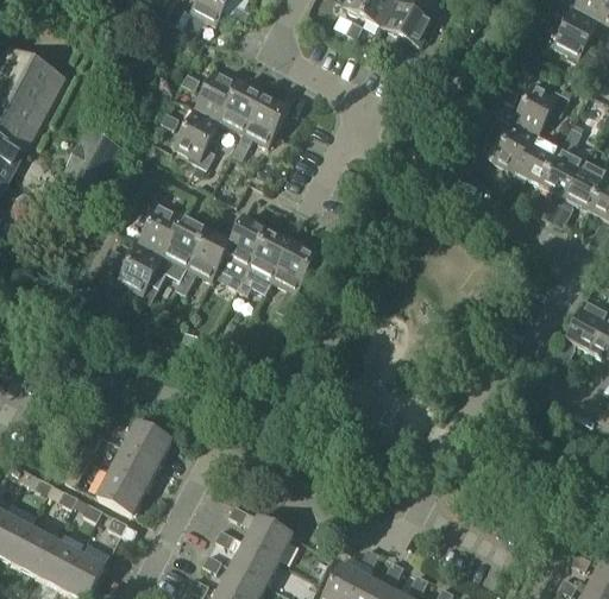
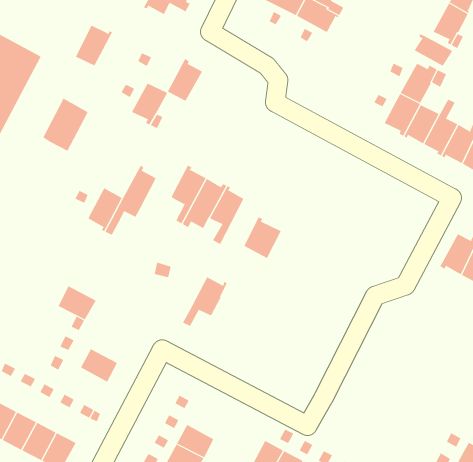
building: none -> [414,33,453,66]
building: [194,69,241,121] -> [75,25,113,66]
building: [232,95,290,158] -> none
building: [139,204,186,254] -> none
building: [175,229,232,292] -> [182,277,227,327]
building: none -> [243,216,282,259]
building: [123,418,171,462] -> [58,285,97,320]
building: [96,468,144,512] -> none
building: [244,513,293,559] -> none

